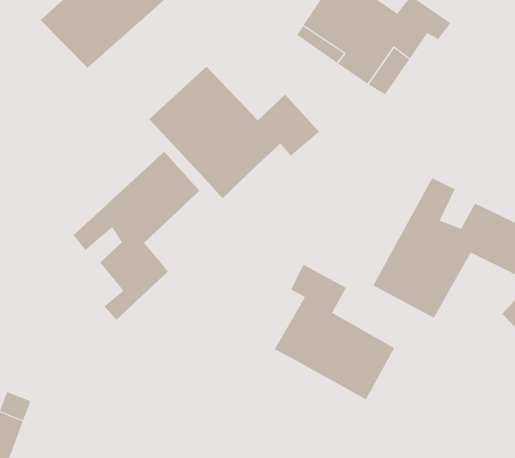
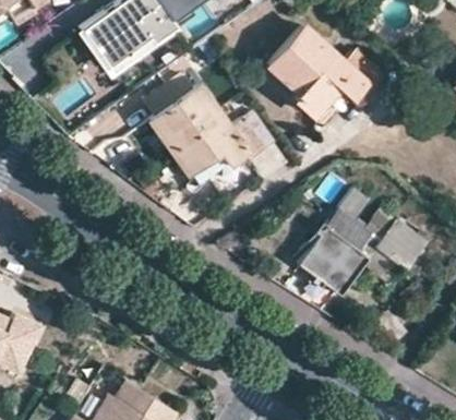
building: [73,151,200,320] -> none
building: [274,264,395,400] -> none

